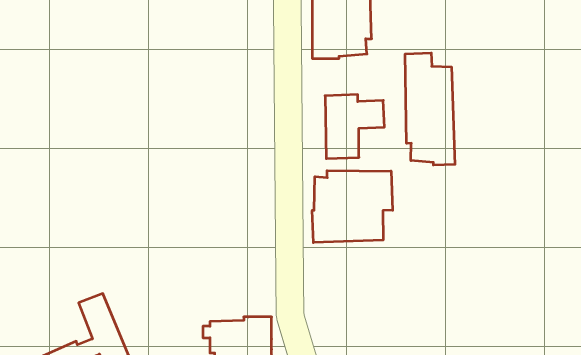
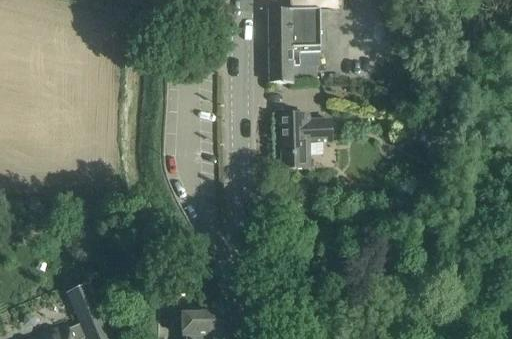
building: [405,53,455,165] -> none
building: [312,171,393,243] -> none

